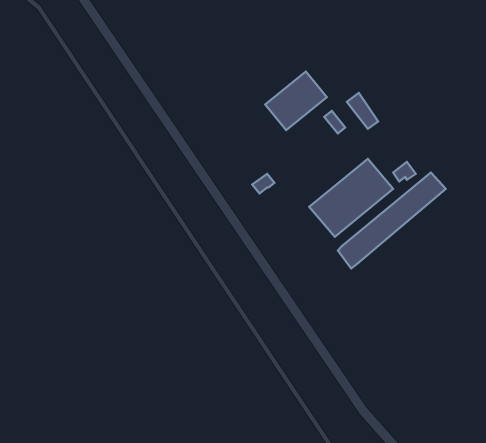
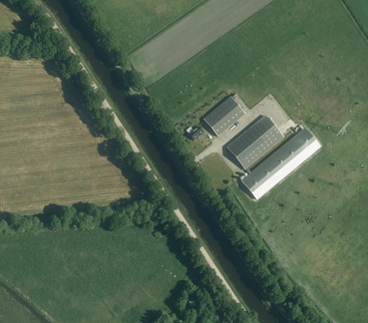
building: [265,72,327,130] -> [204,96,245,135]

